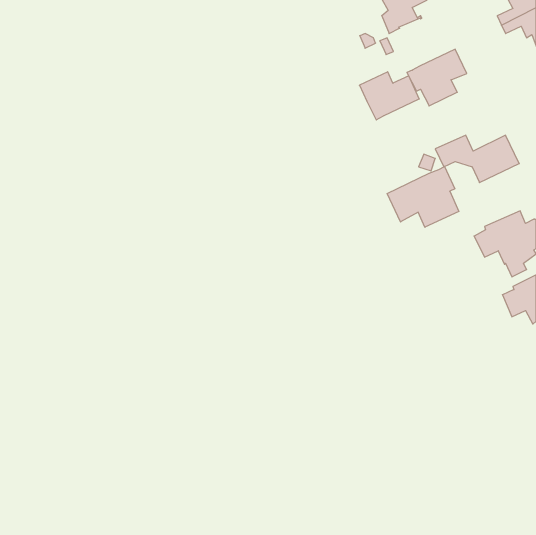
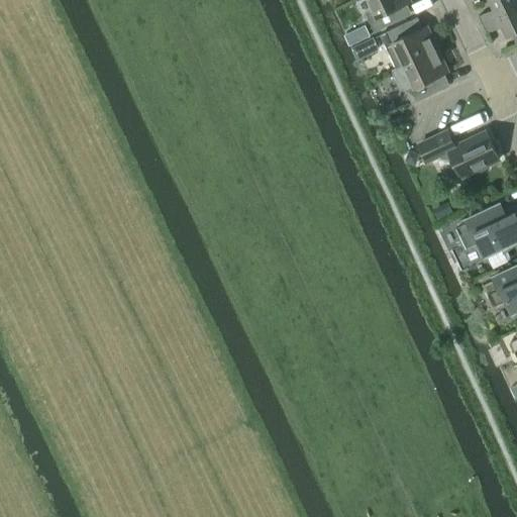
building: [359,72,419,120] -> [381,21,438,68]
building: [387,166,459,227] -> none

